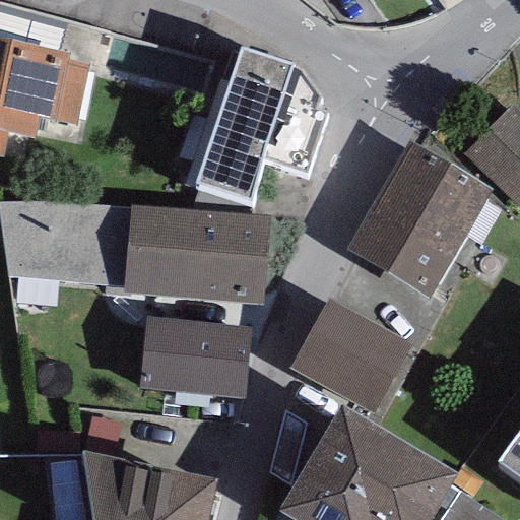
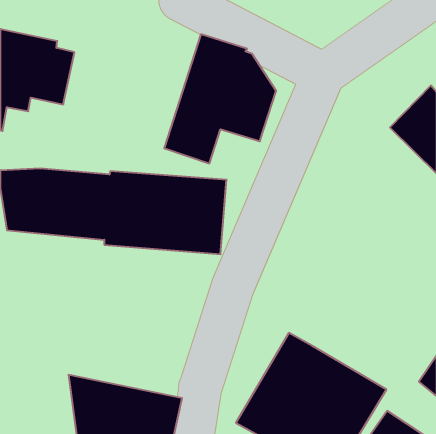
building: [347,140,492,299] -> none
building: [289,297,412,414] -> none
building: [140,320,250,398] -> none

